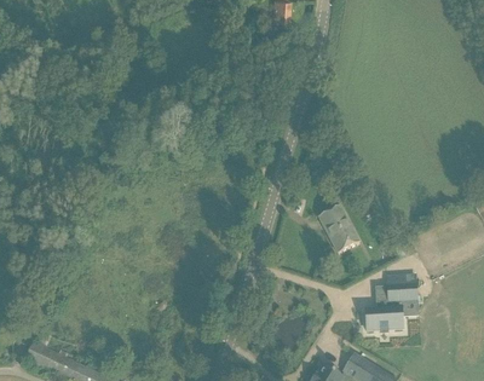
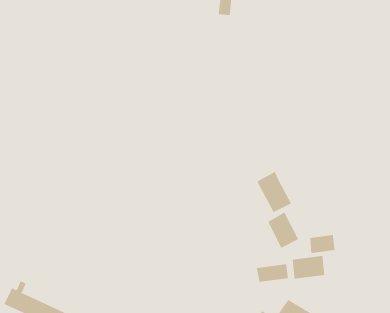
building: none -> [267,211,299,248]
building: none -> [256,263,288,283]

